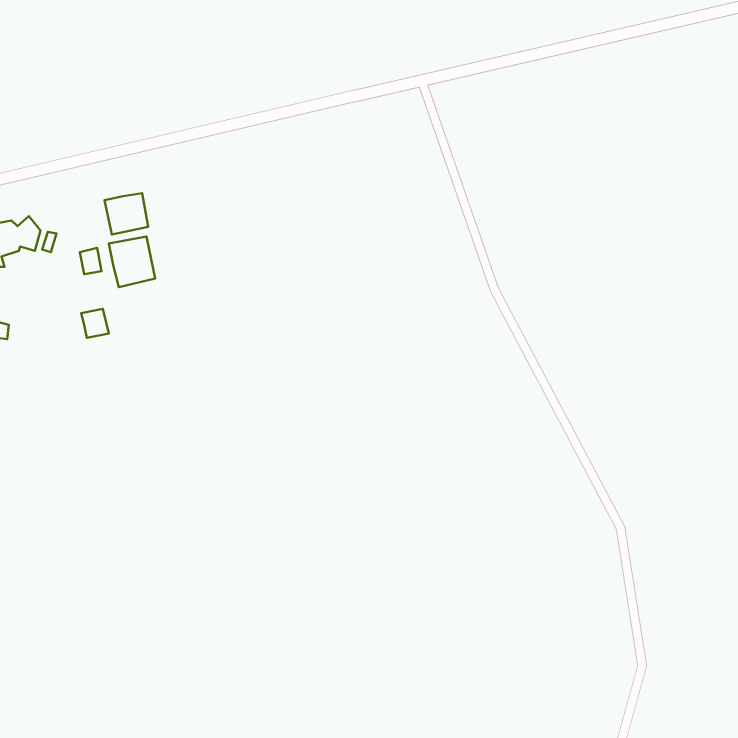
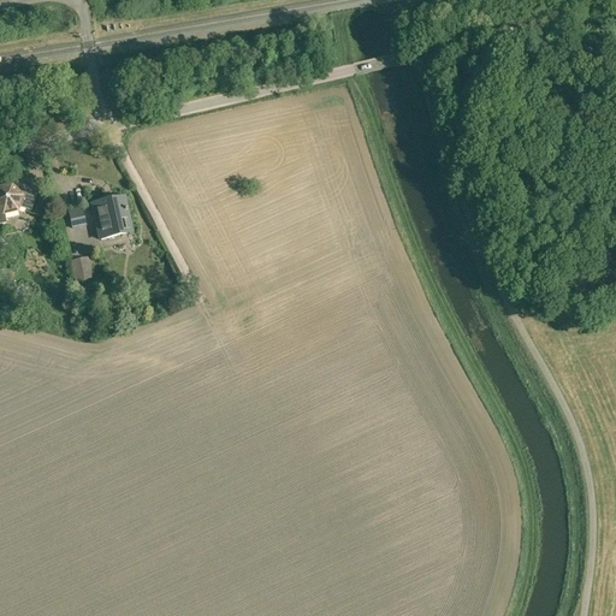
building: [104,193,148,235] -> none

